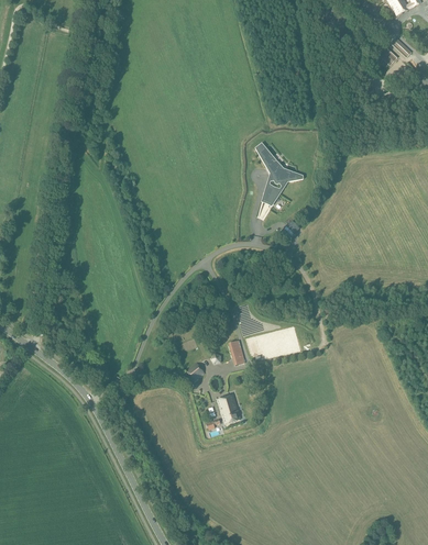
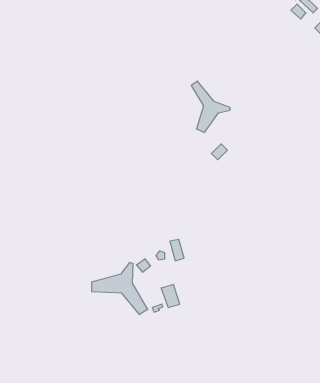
building: none -> [92,262,148,315]

